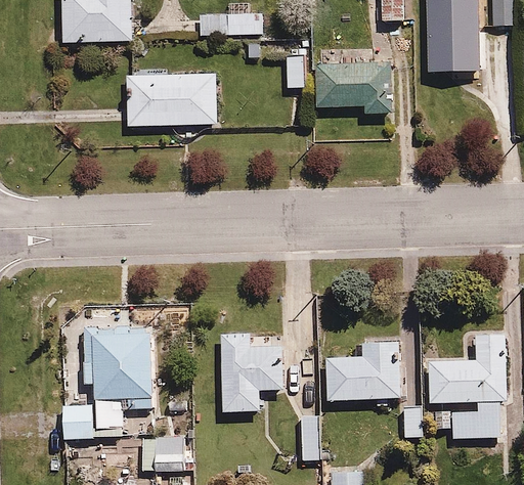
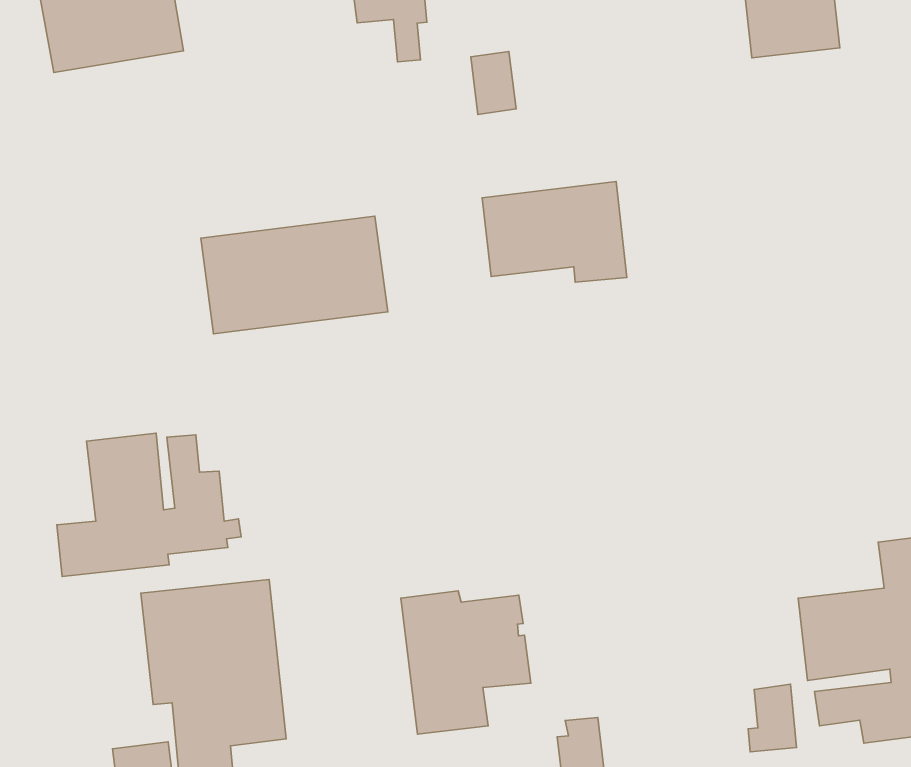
building: [317,63,390,115] -> [482,181,627,282]
building: [124,73,219,127] -> [201,216,388,334]
building: none -> [57,433,241,576]
building: [326,341,399,400] -> none

